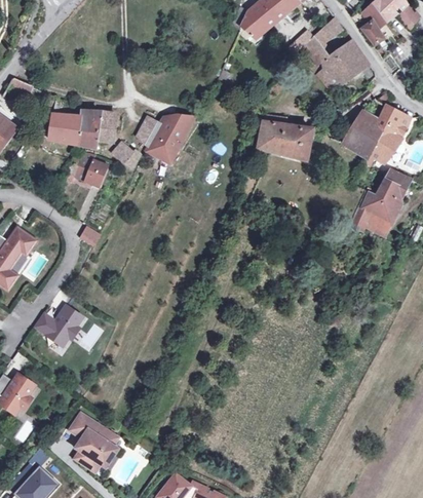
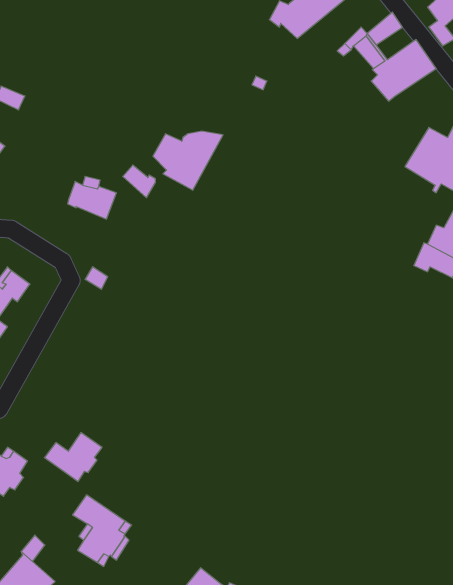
building: [48,98,113,149] -> none
building: [257,115,312,161] -> none
building: [35,305,82,345] -> [44,433,102,481]

